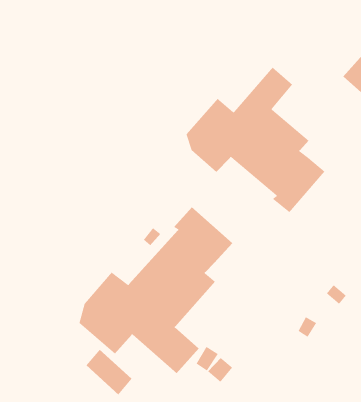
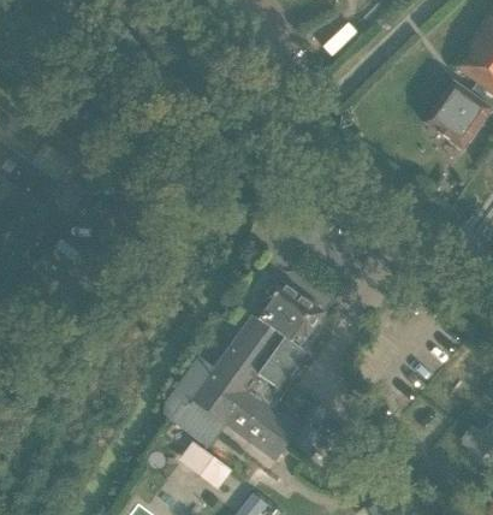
building: [186,67,326,213] -> none

